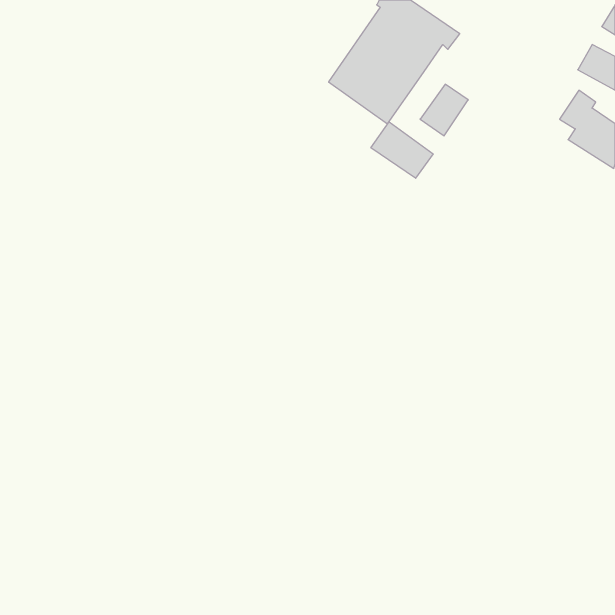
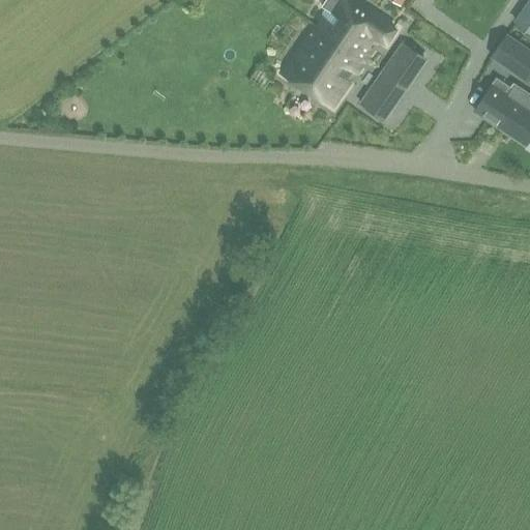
building: none -> [383,41,424,86]
building: [371,122,433,178] -> none

